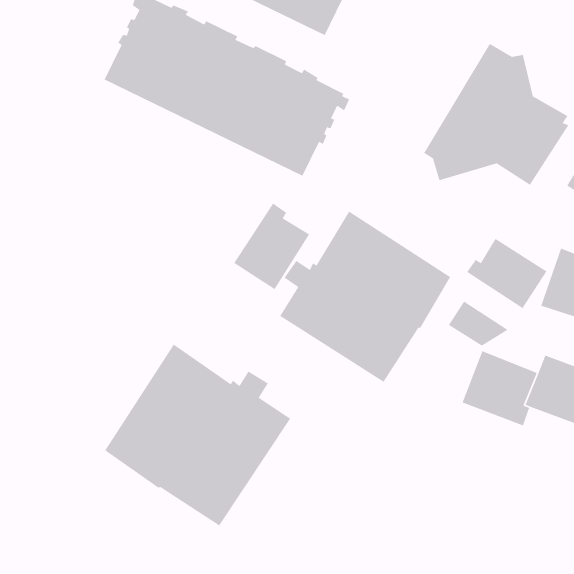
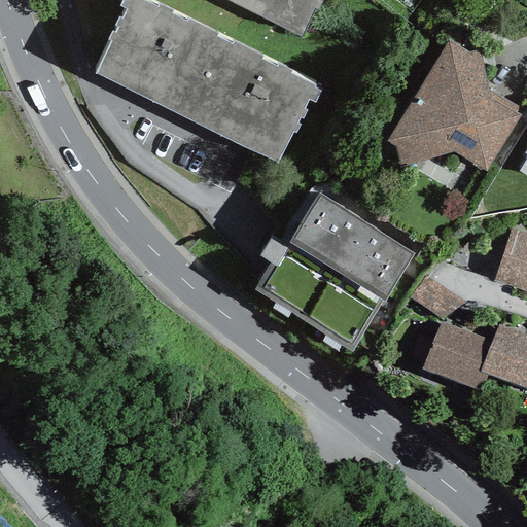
building: [233,202,310,290] -> none
building: [466,238,548,309] -> none
building: [104,344,291,526] -> none

